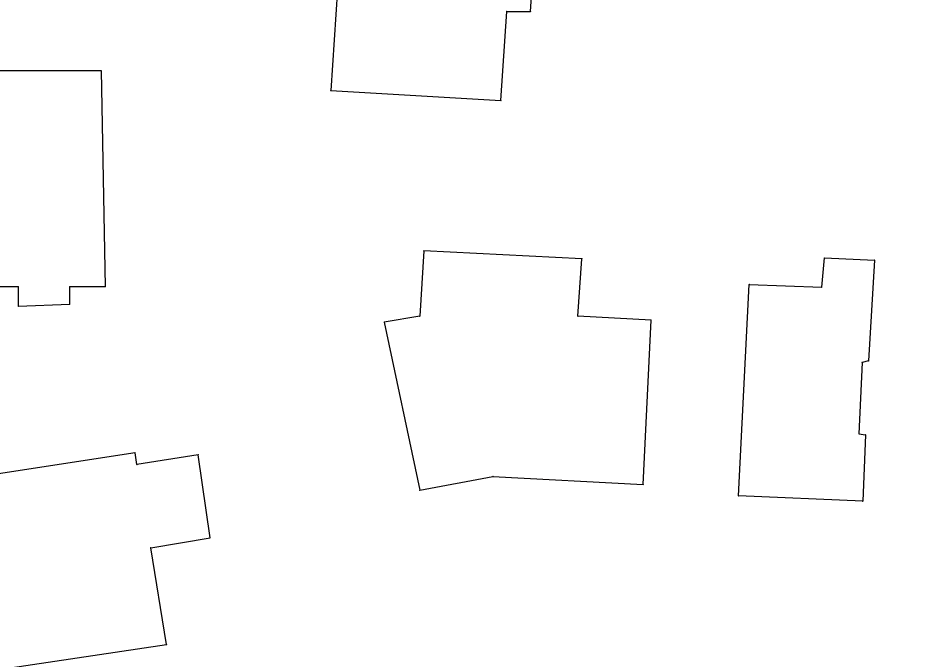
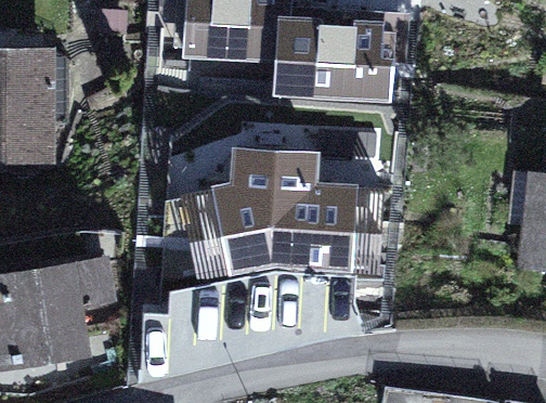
building: none -> [274,14,394,105]
building: [739,258,874,501] -> none

